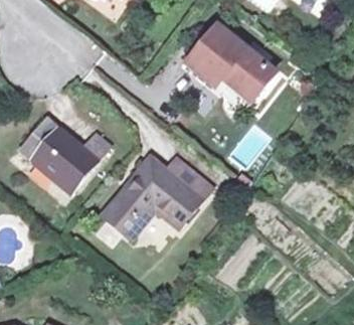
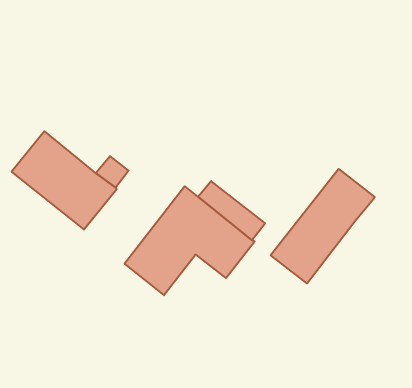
building: [188,26,274,99] -> none
building: none -> [271,169,375,283]

